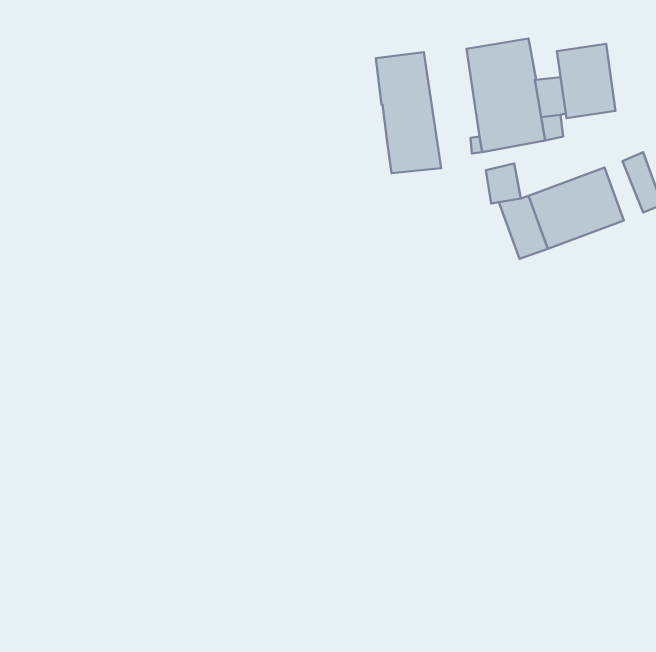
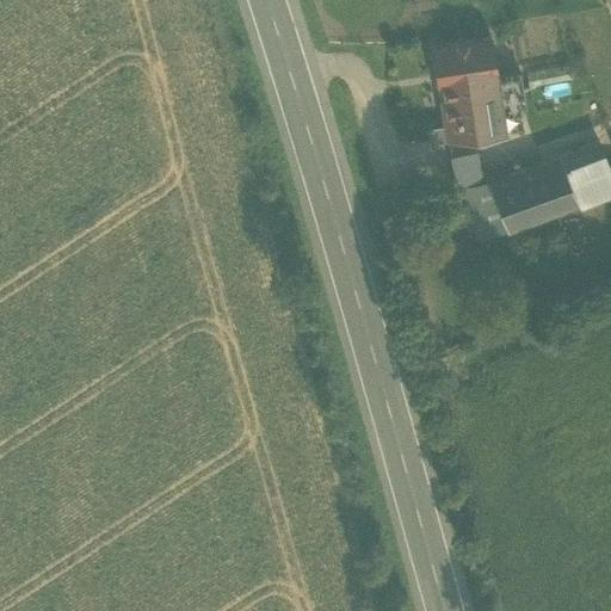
building: [557,44,616,118] -> none
building: [376,52,441,173] -> none
building: none -> [562,155,598,210]

